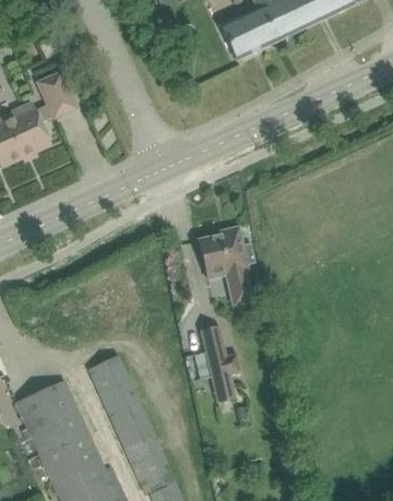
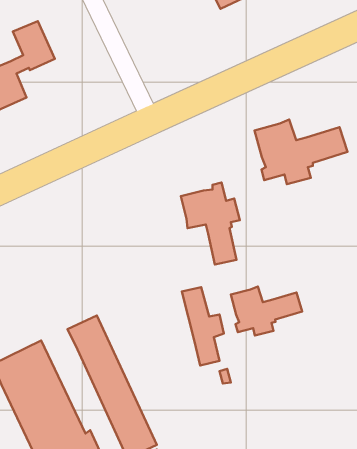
building: none -> [254,120,347,184]
building: none -> [231,287,302,335]

